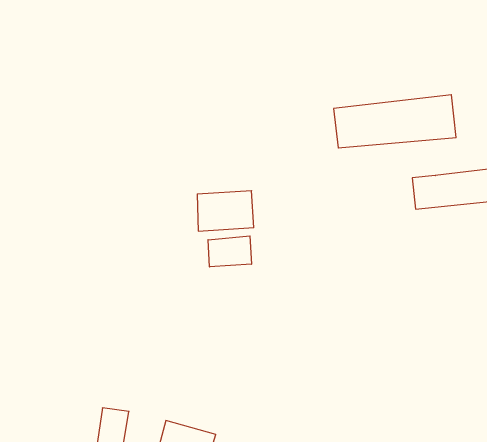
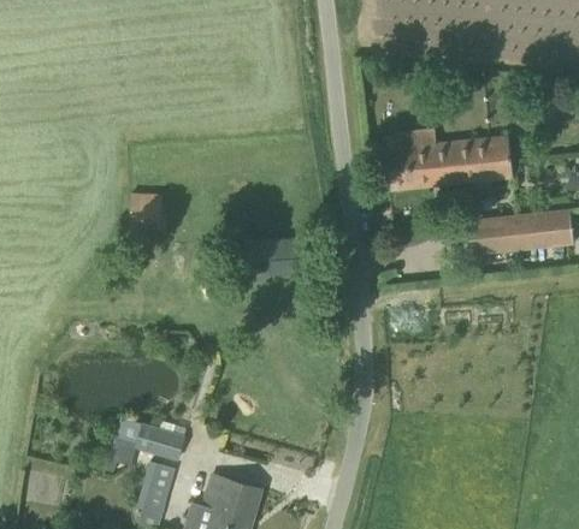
building: none -> [131,194,163,224]
building: [208,236,251,267] -> none
building: none -> [104,417,185,471]

